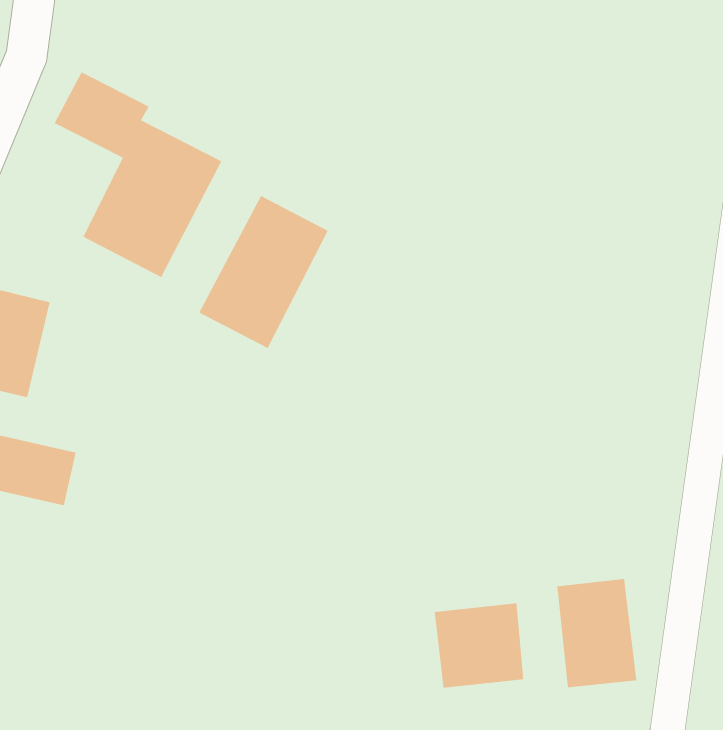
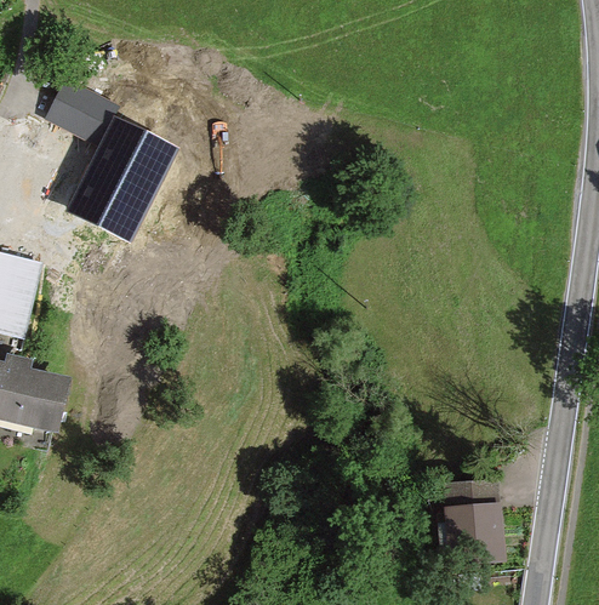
building: [199,195,329,349] -> none
building: [434,603,524,688] -> none

